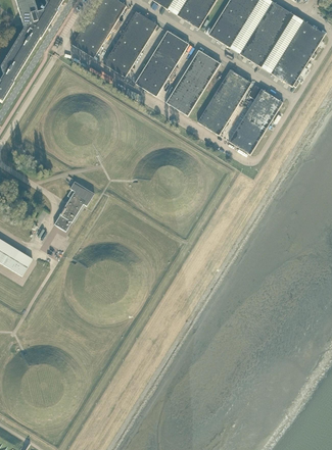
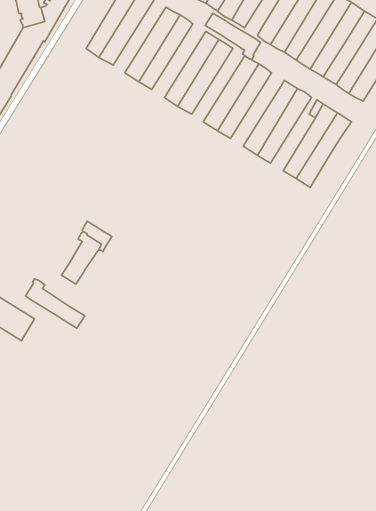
building: none -> [205,13,261,59]
building: none -> [25,279,85,328]

